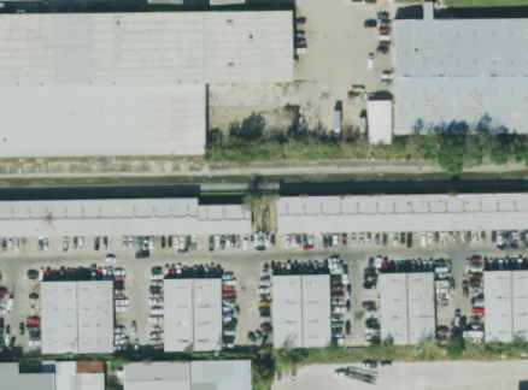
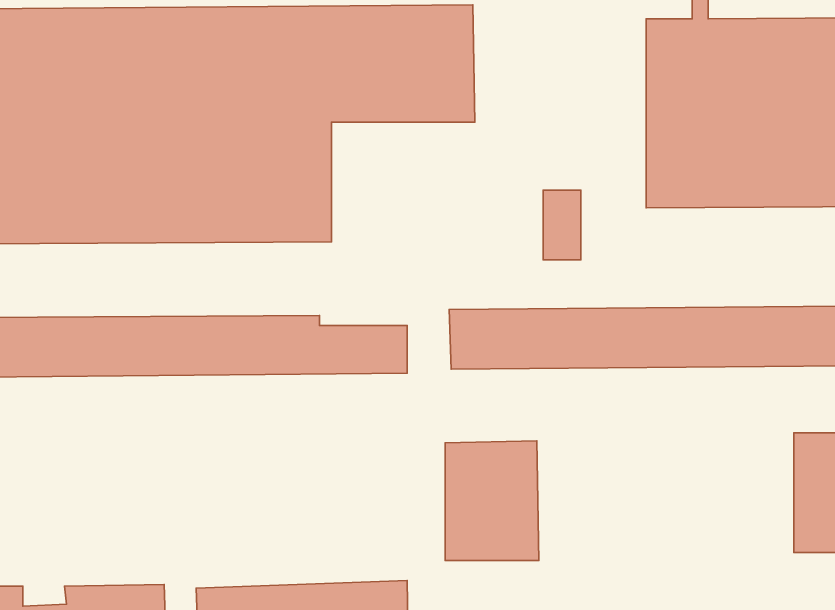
building: [369,101,392,143] -> [543,190,581,260]
building: [380,272,434,344] -> none
building: [164,278,221,350] -> none
building: [42,280,112,353] -> none

